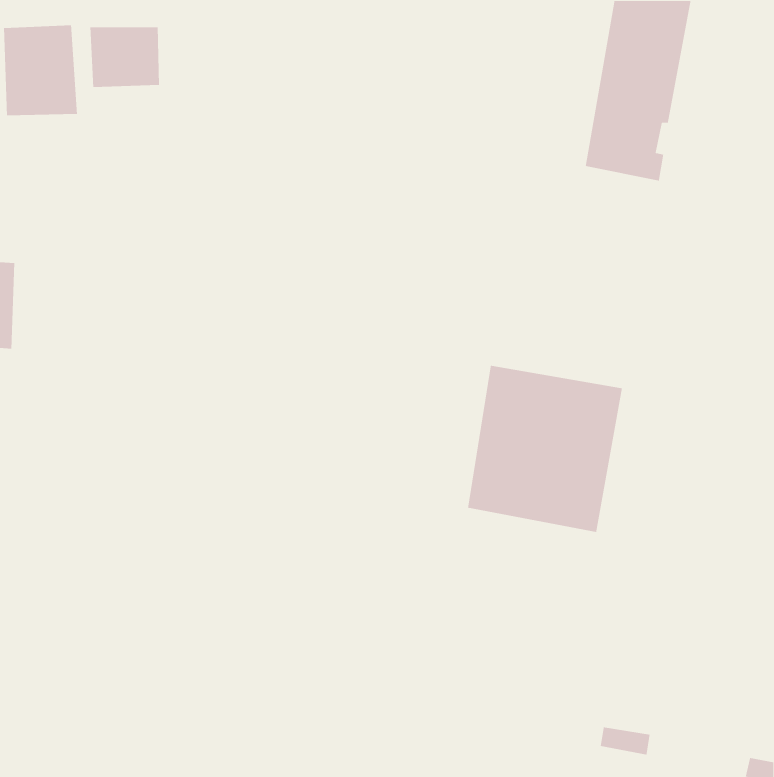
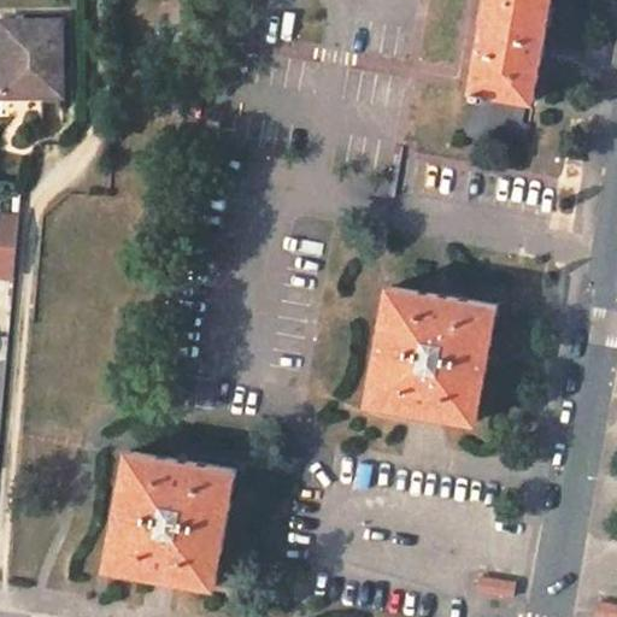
building: [90,26,160,88] -> none
building: none -> [104,454,231,587]

